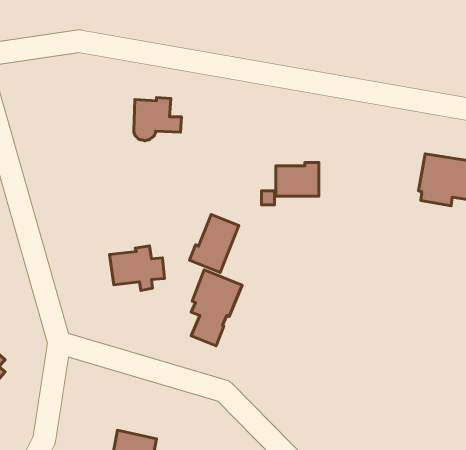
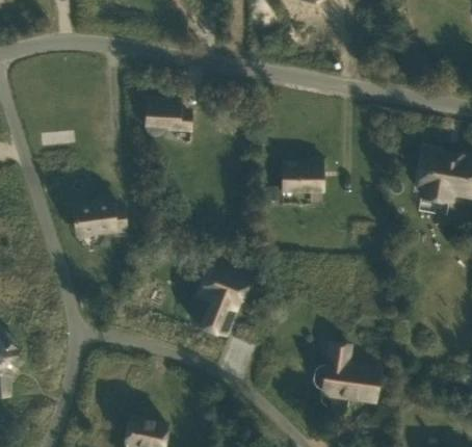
building: [190,215,239,272] -> none
building: [109,246,165,290] -> [73,200,126,242]
building: none -> [314,344,381,403]

